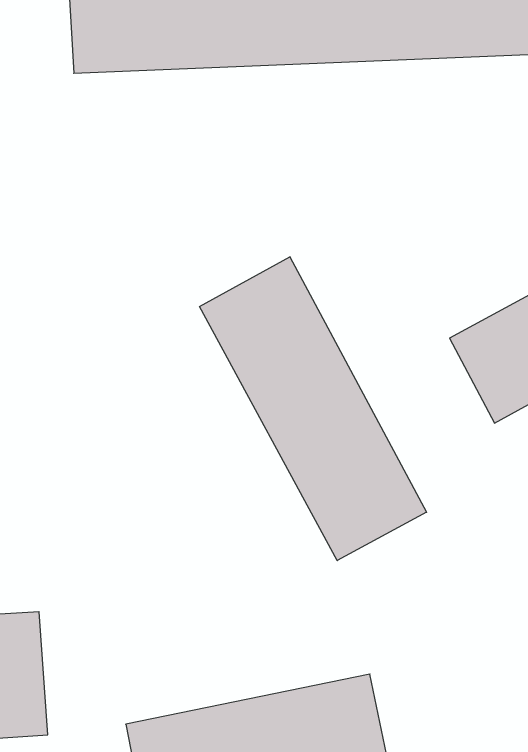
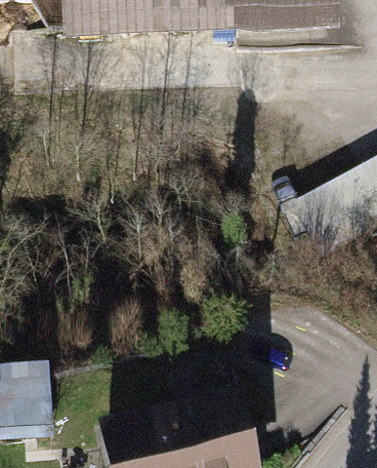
building: [200,257,427,561] -> none

